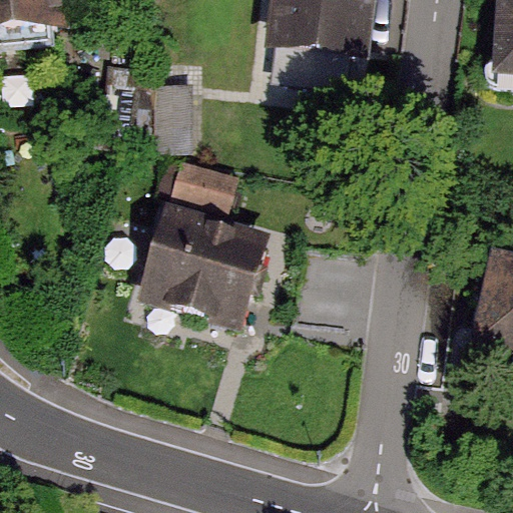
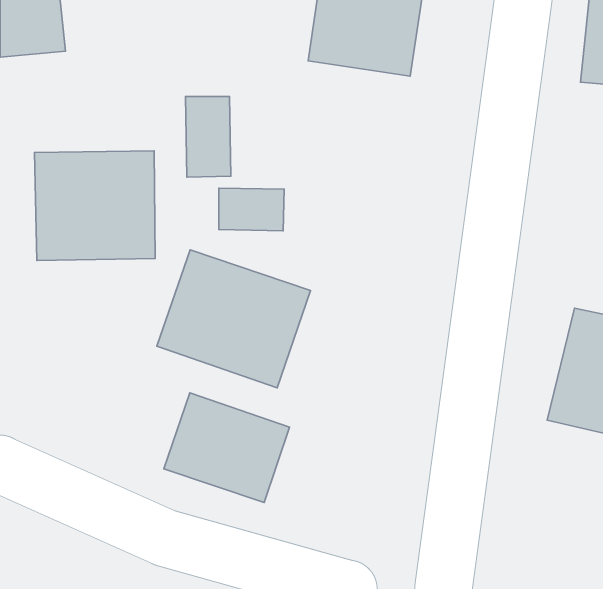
building: none -> [35,151,155,260]
building: none -> [164,393,290,503]

